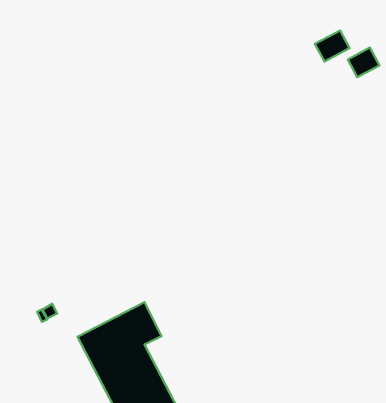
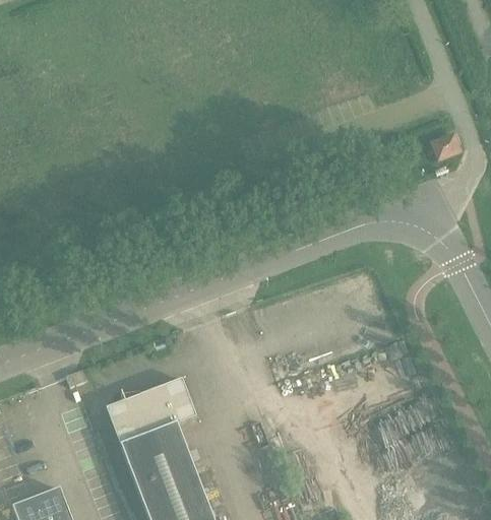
building: [315,30,350,62] -> none

